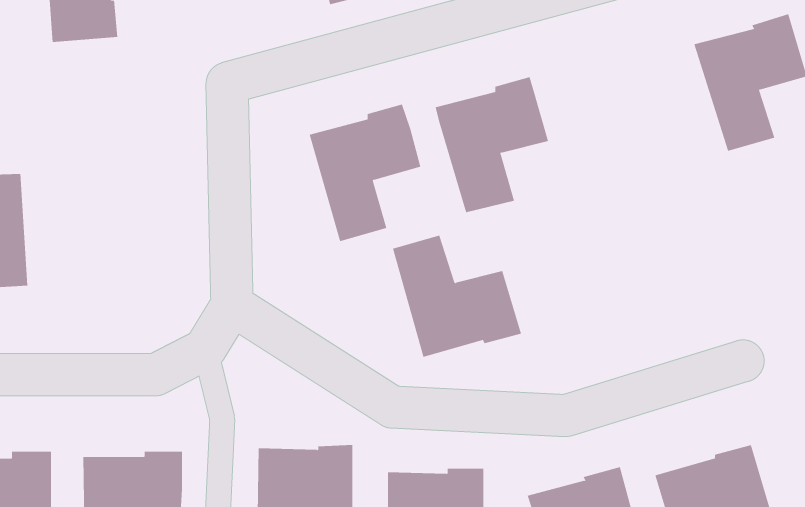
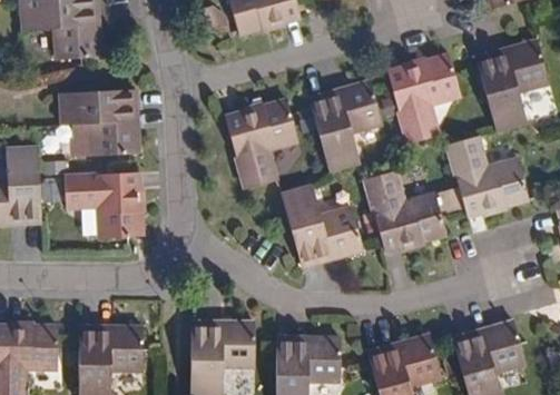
building: none -> [387,55,461,144]
building: none -> [59,89,138,155]
building: none -> [448,136,530,217]
building: none -> [364,170,446,251]
building: none -> [63,171,144,238]

